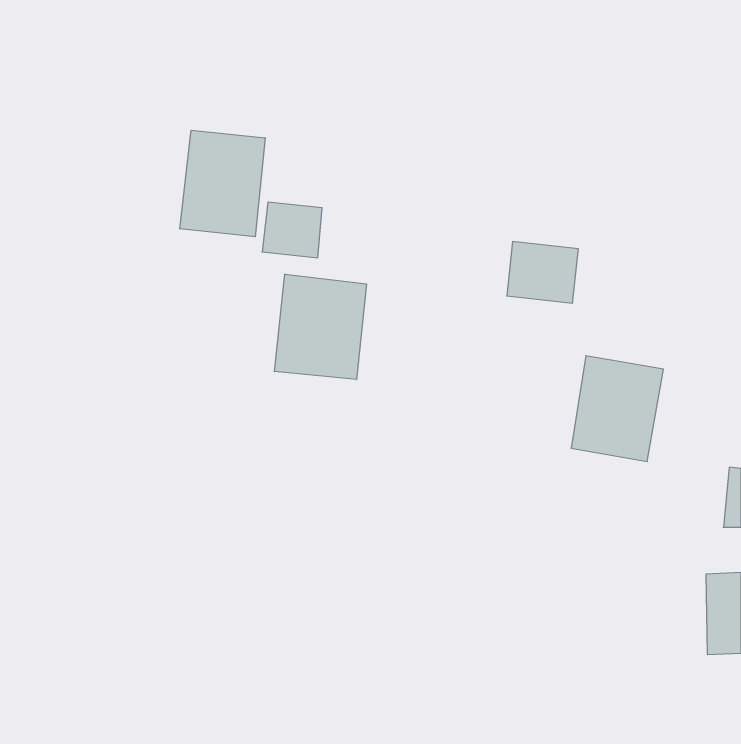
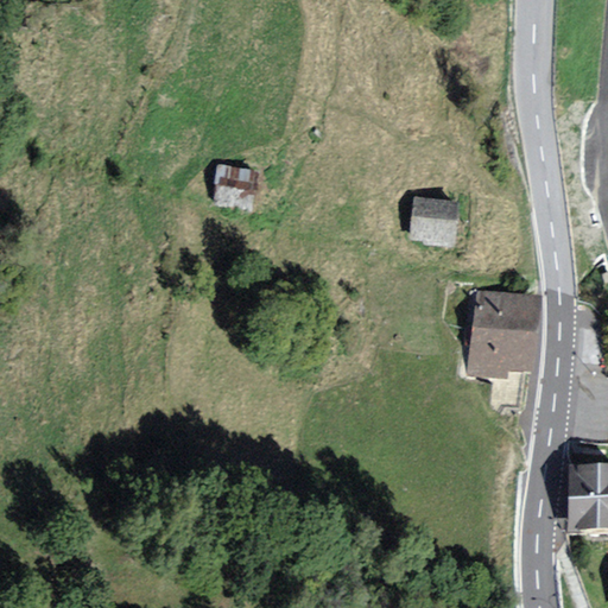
building: [180,130,265,237] -> none
building: [275,274,366,380] -> none

